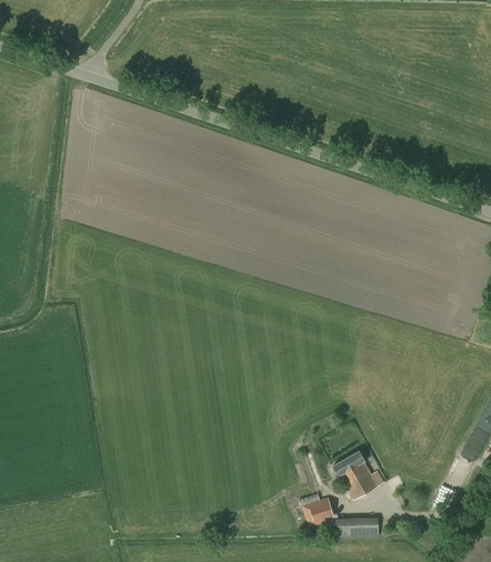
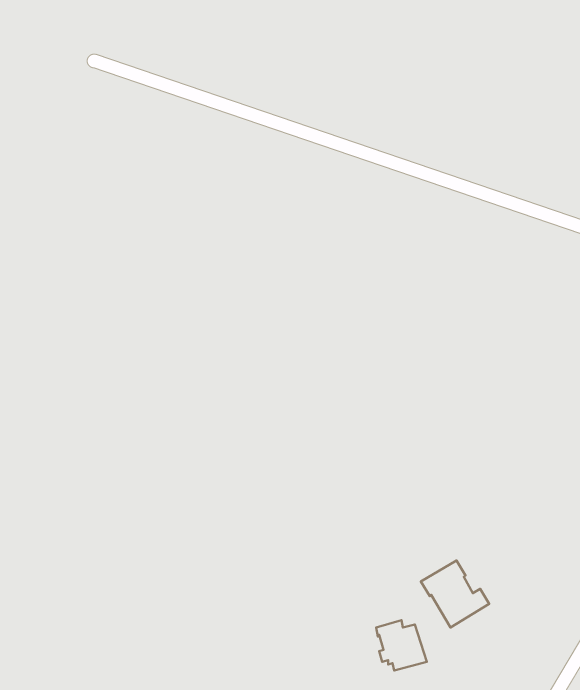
building: [337,518,378,538] -> none

